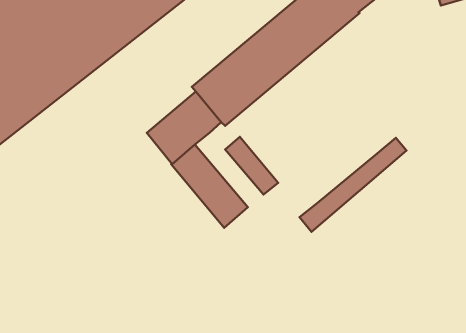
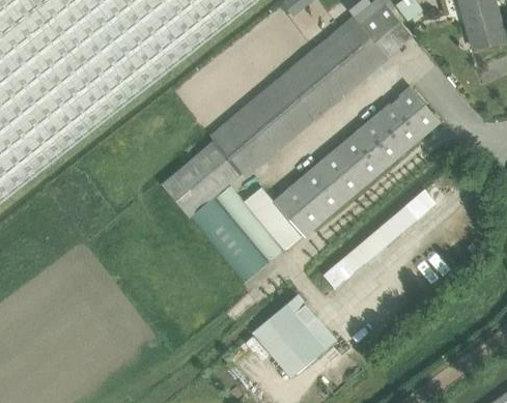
building: none -> [275,86,441,235]
building: none -> [214,182,286,262]
building: none -> [253,293,337,377]

